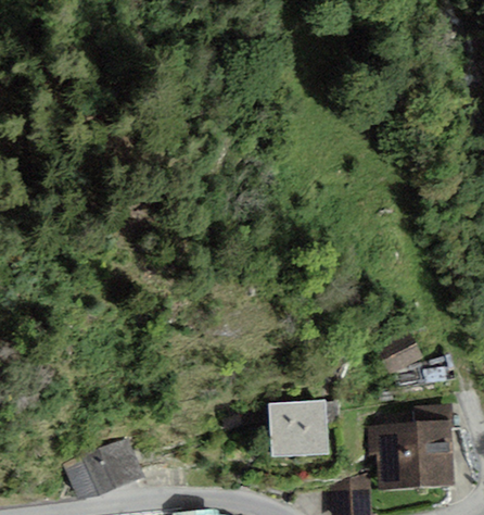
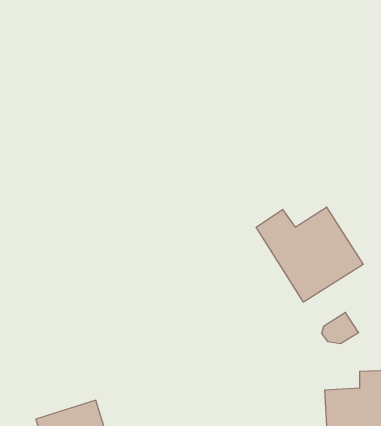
building: none -> [256,207,363,302]
building: [269,400,329,457] -> none

